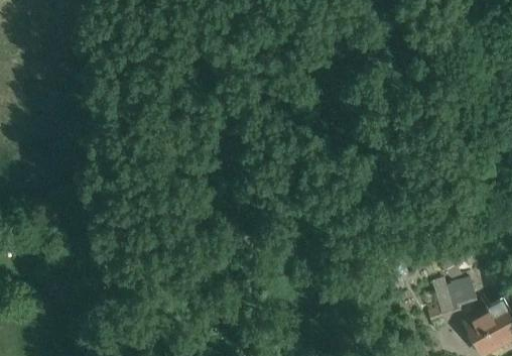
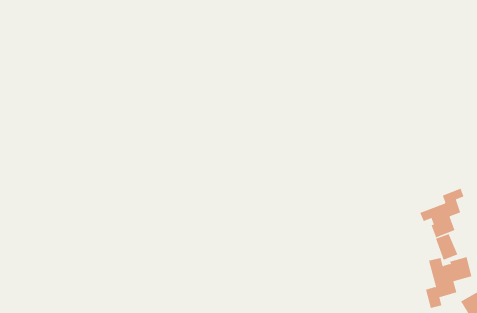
building: none -> [419,188,464,238]

